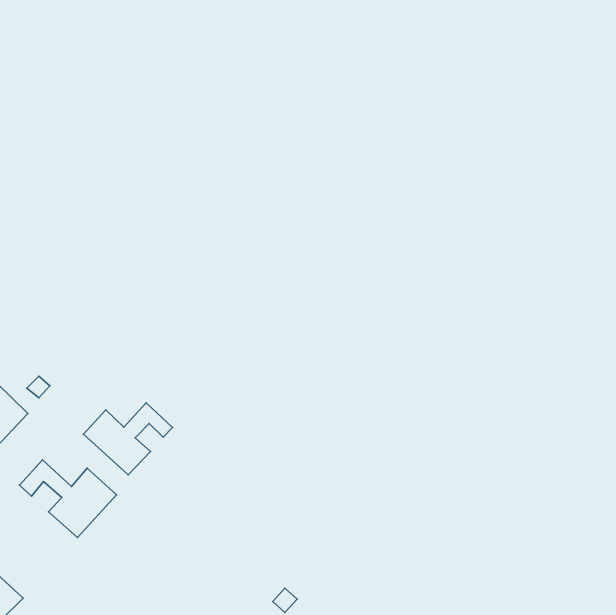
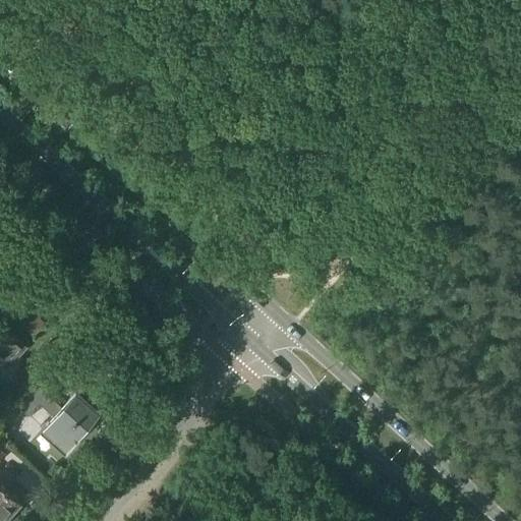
building: [84,403,173,475] -> none

